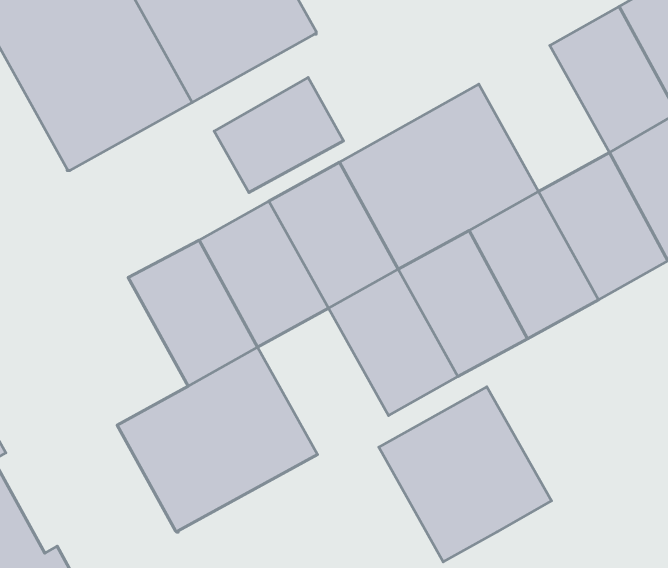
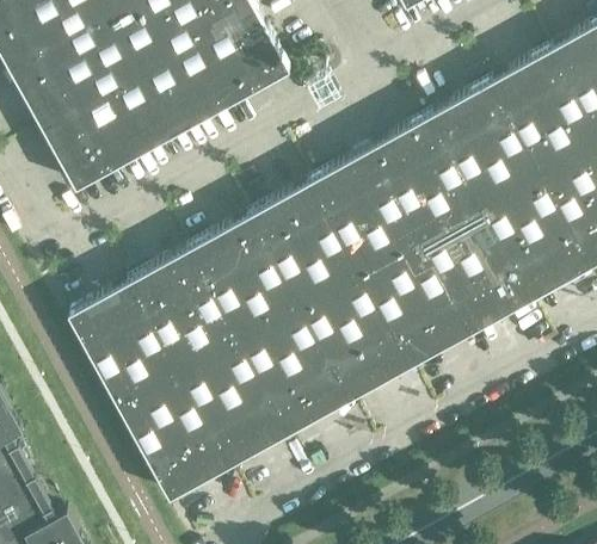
building: none -> [430,82,542,208]
building: [214,78,343,192] -> none
building: none -> [69,282,180,408]
building: none -> [240,308,352,433]
building: [379,387,552,562] -> none

